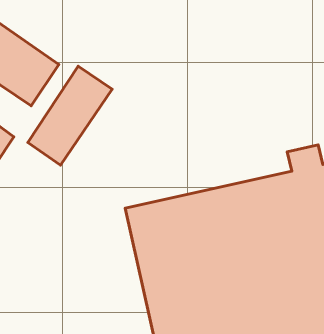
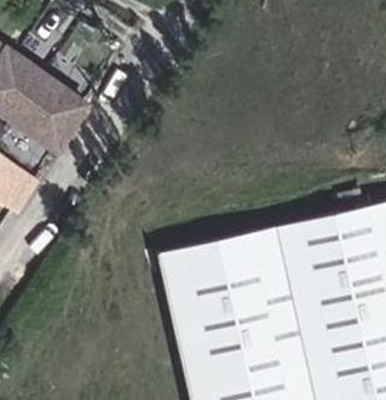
building: [28,66,112,165] -> none

